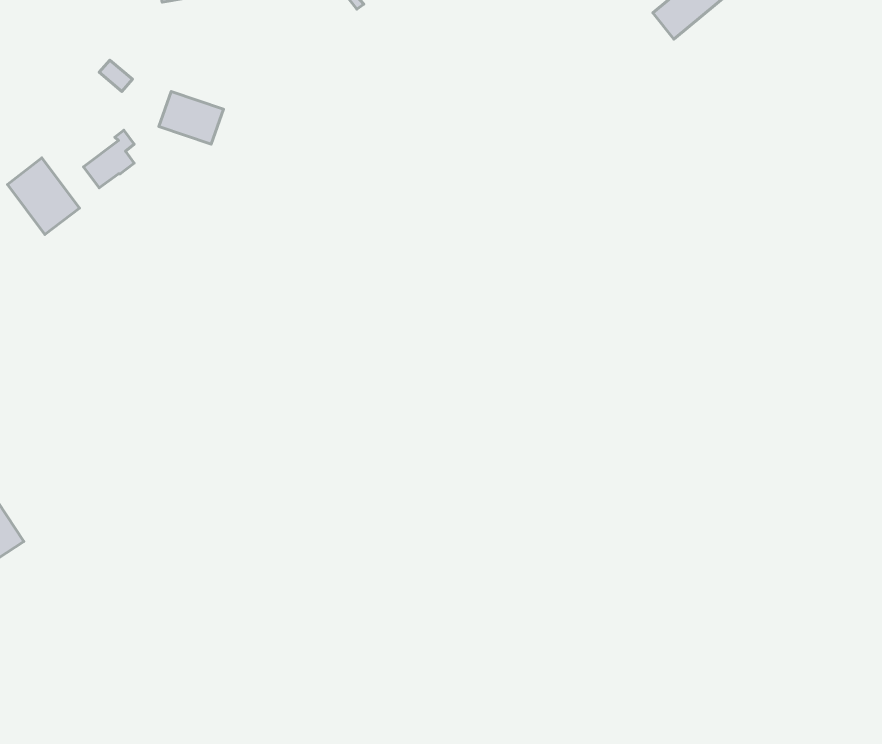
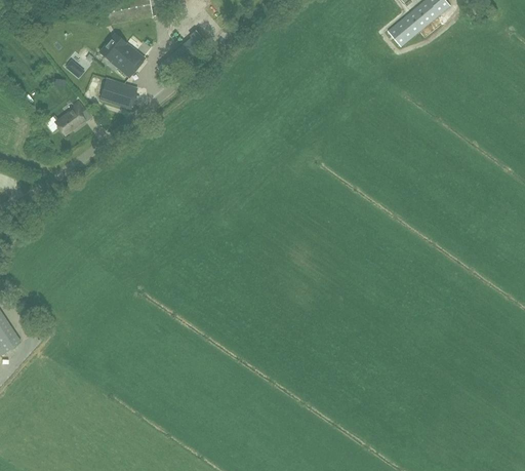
building: none -> [98,32,144,75]
building: [7,158,79,235] -> none

